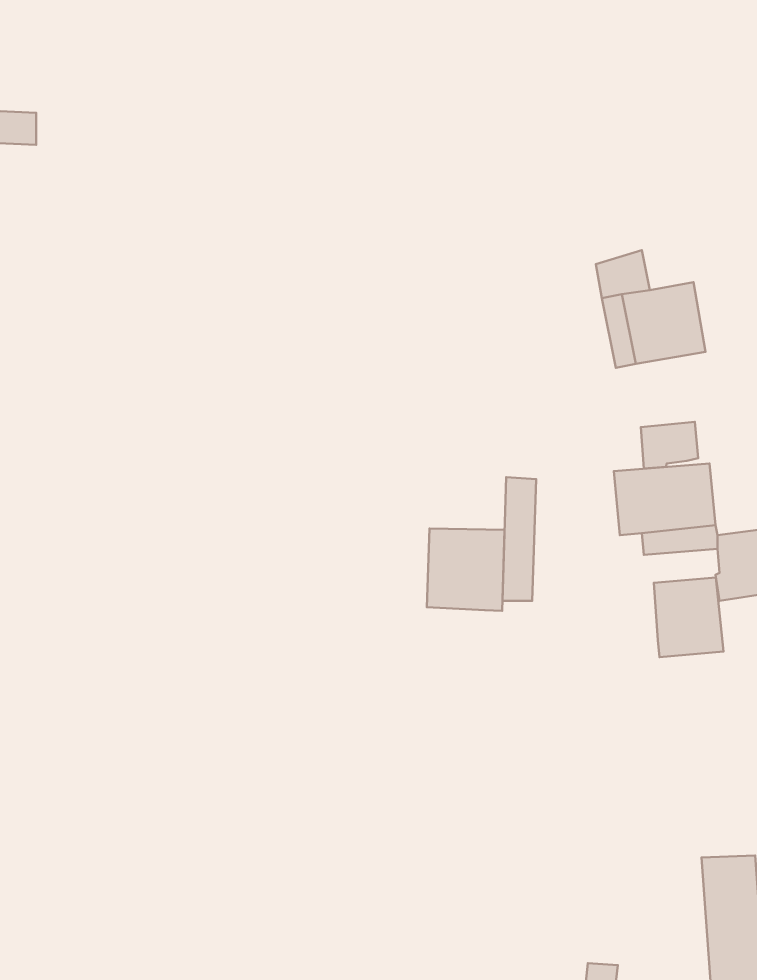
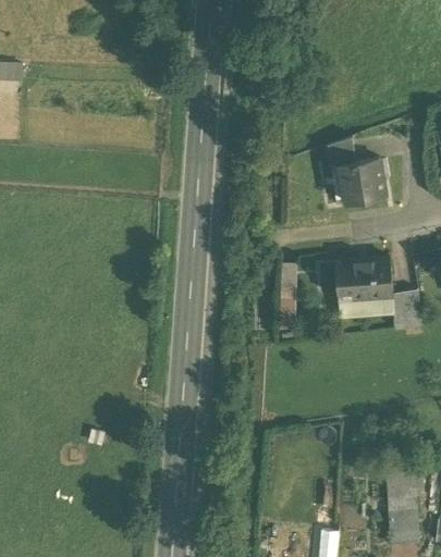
building: [641,422,698,469] -> none
building: [427,529,505,611] -> none
building: [654,577,724,657] -> none

